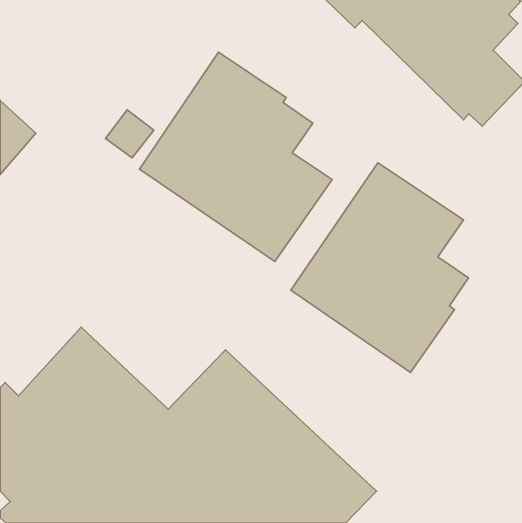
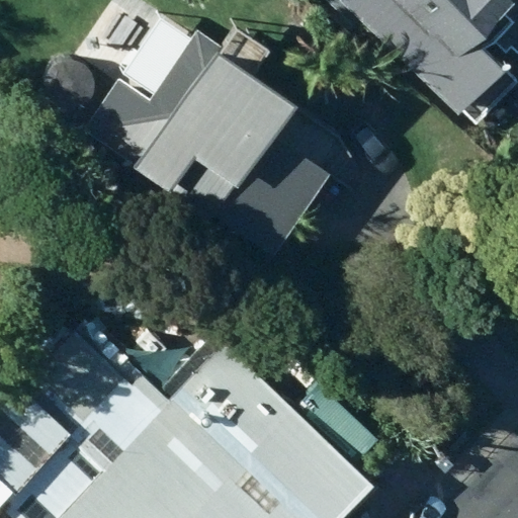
building: [291,163,469,372] -> none

